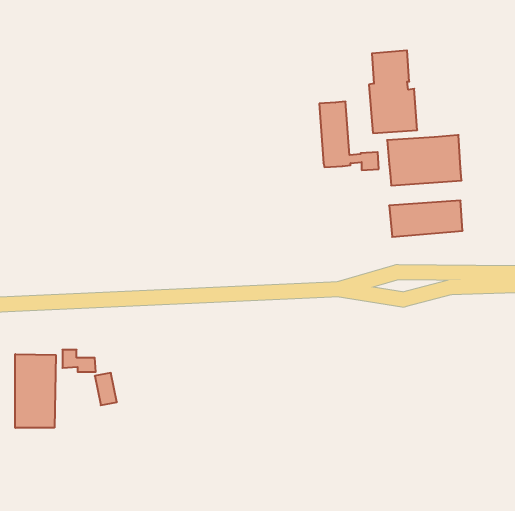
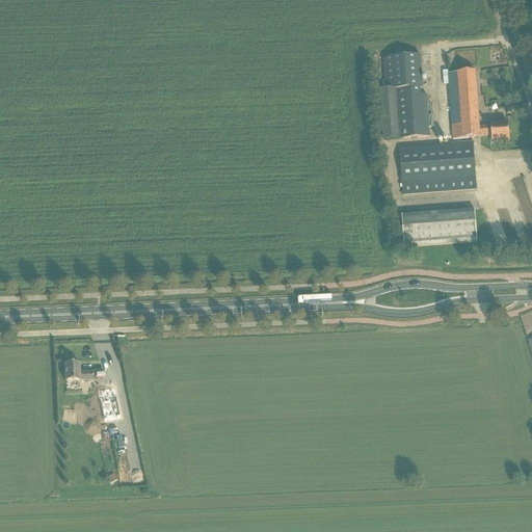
building: [319,102,379,170] -> [448,69,509,139]
building: [15,354,56,428] -> none

